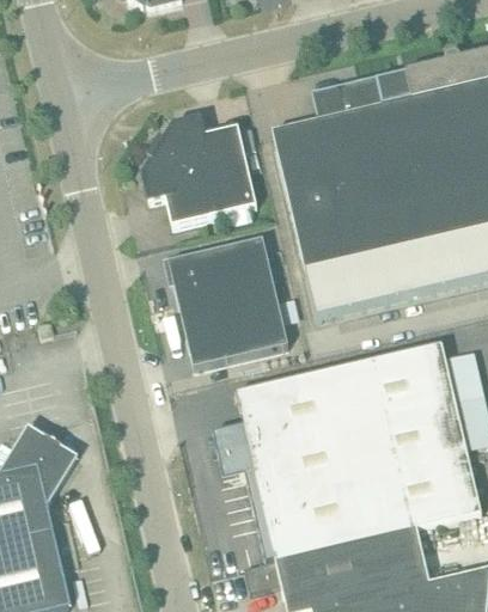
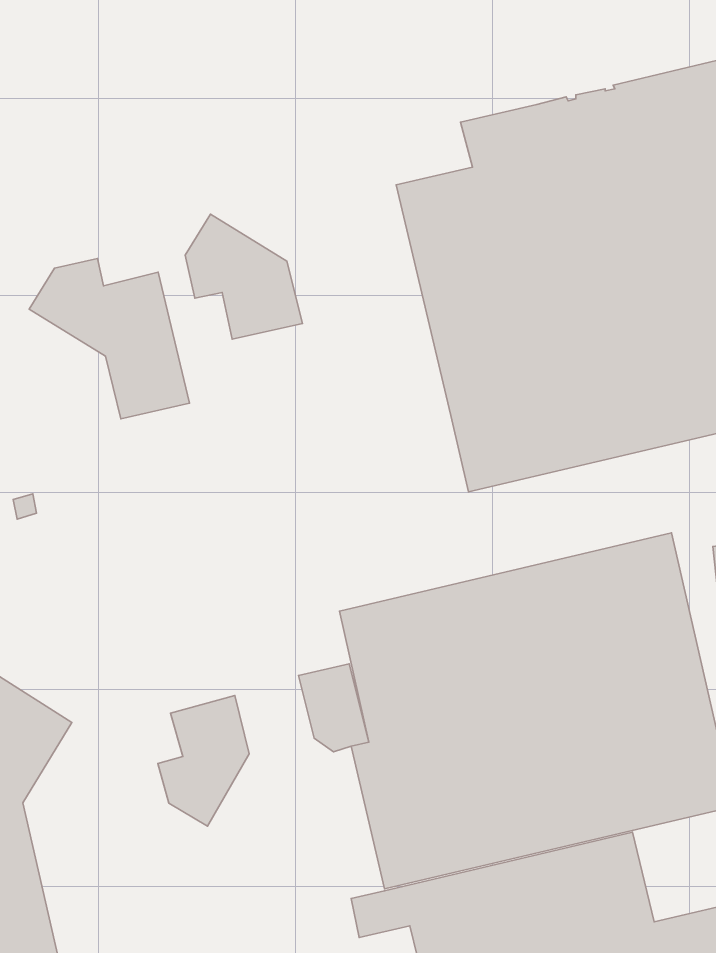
building: [159,117,257,215] -> [29,258,189,419]
building: [169,238,288,366] -> none
building: none -> [158,695,249,826]

